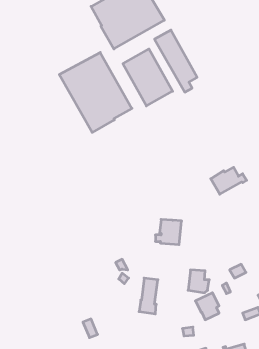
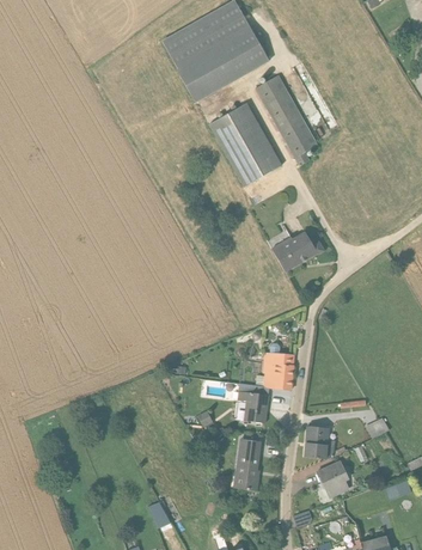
building: [59,52,132,132] -> none
building: [211,167,247,194] -> [273,232,325,271]
building: none -> [238,384,270,423]

